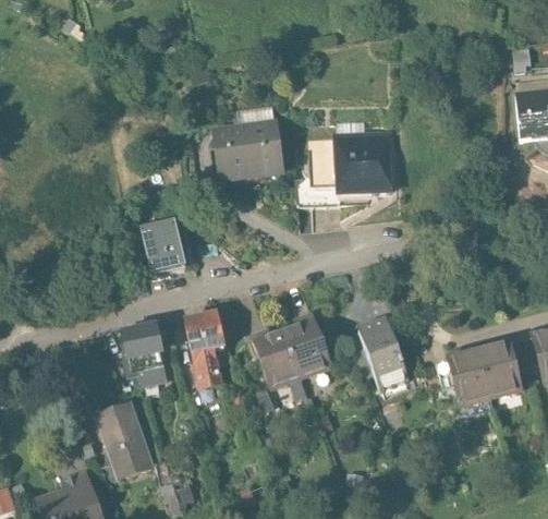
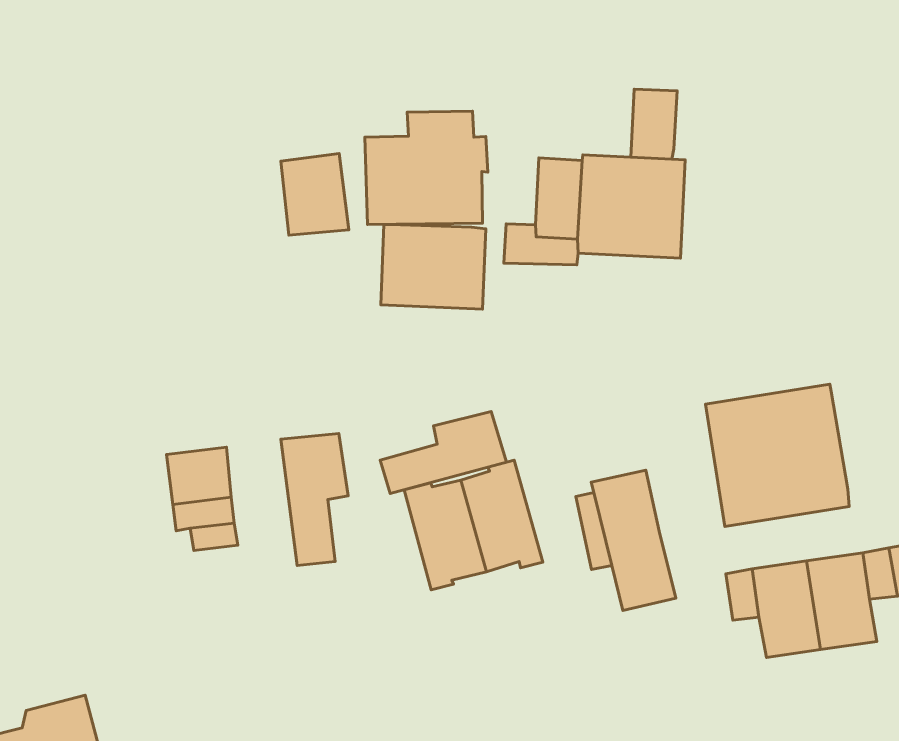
building: none -> [631,89,677,159]
building: none -> [381,224,486,309]
building: [142,221,183,269] -> [281,153,349,235]
building: none -> [706,384,849,526]
building: none -> [380,412,506,493]
building: [96,398,151,470] -> none

